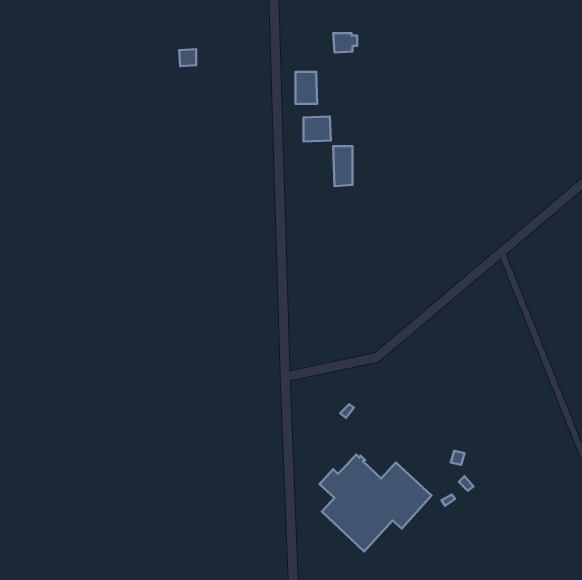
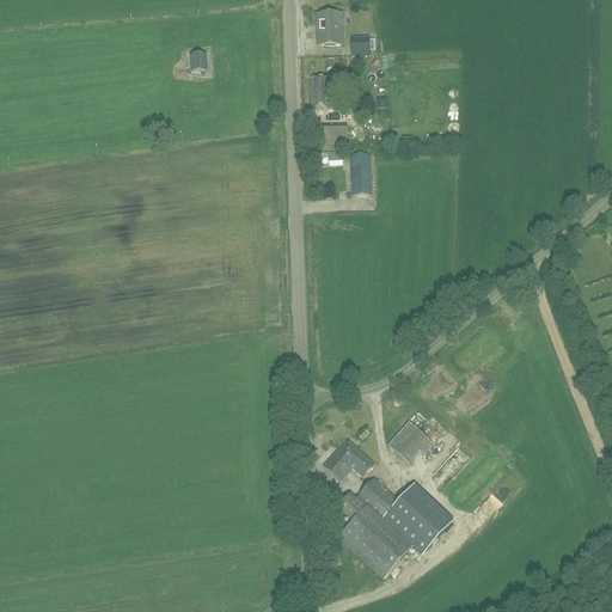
building: none -> [316,11,342,43]
building: none -> [388,418,435,459]
building: none -> [322,439,374,481]

